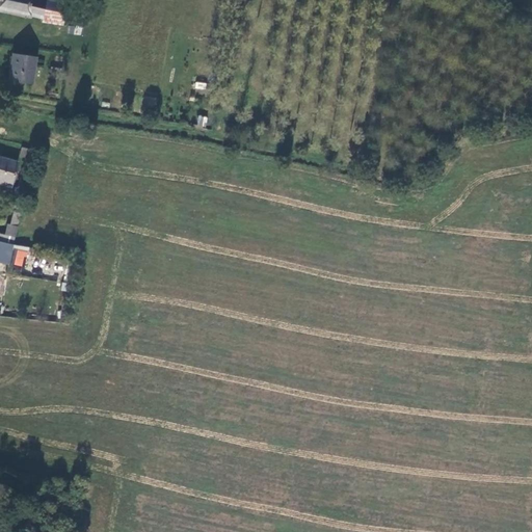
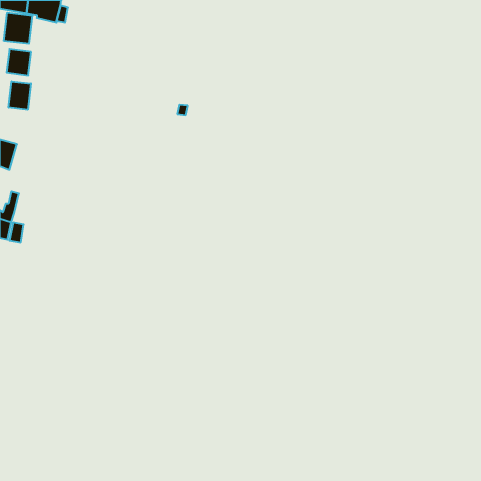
building: none -> [4,13,32,44]
building: none -> [9,81,31,110]

